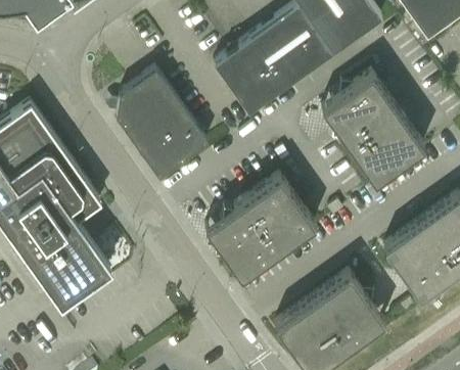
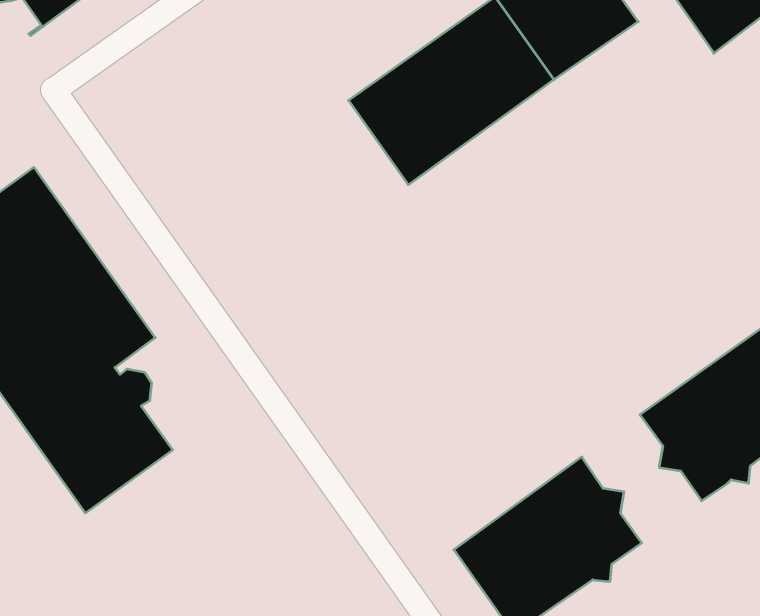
building: [116,71,208,178] -> none
building: [321,74,424,184] -> none
building: [204,176,315,279] -> none

